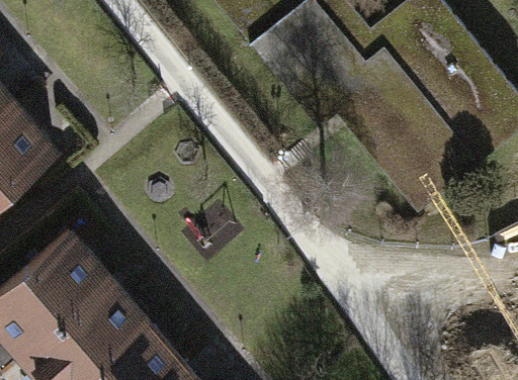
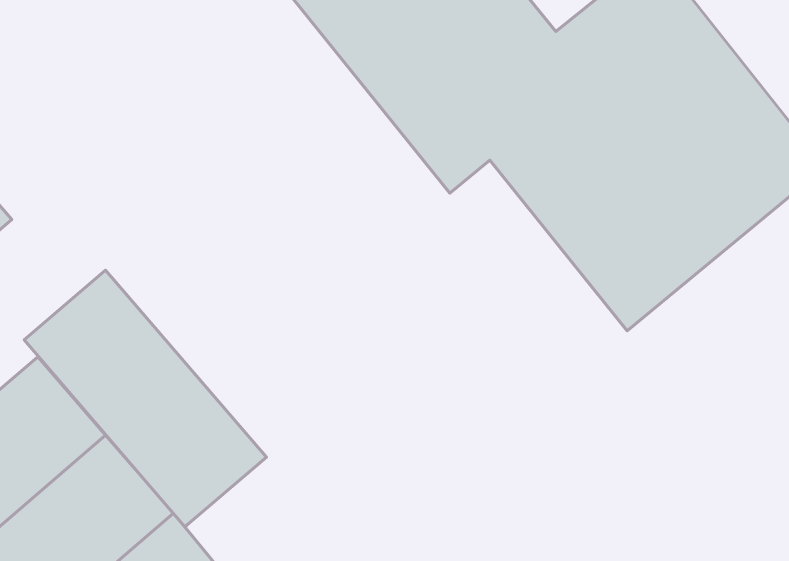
building: none -> [24,270,266,527]

